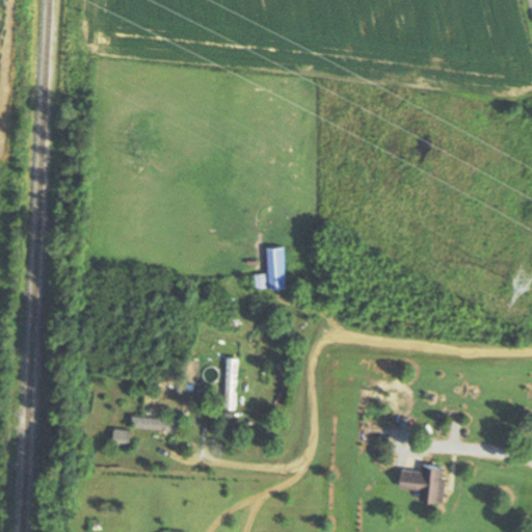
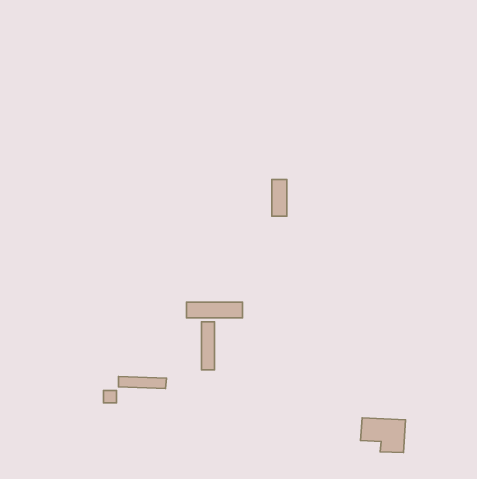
building: [267,249,284,290] -> [272,179,287,216]
building: none -> [187,302,243,318]

